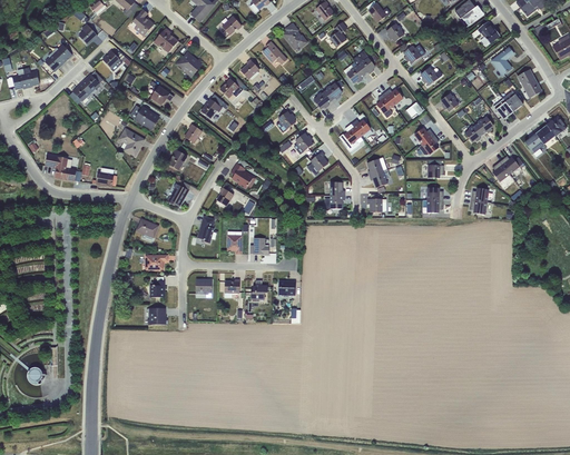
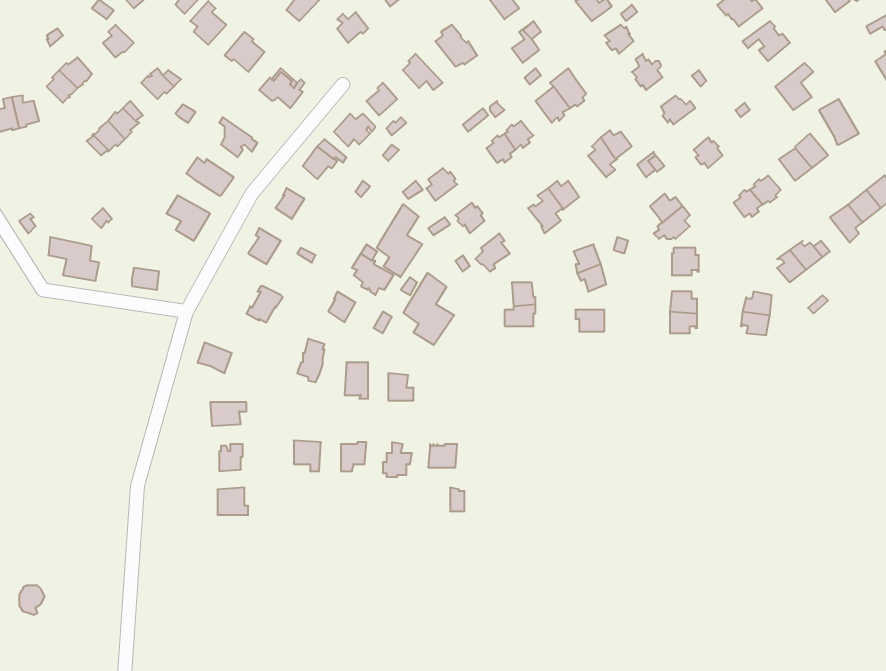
building: none -> [377,204,422,277]
building: none -> [404,273,454,345]

